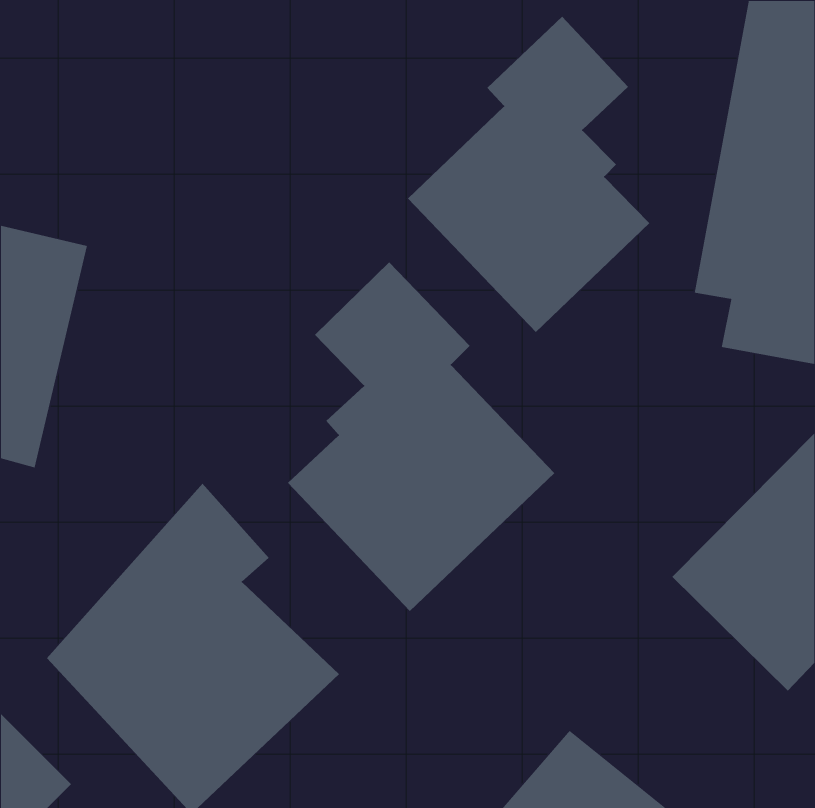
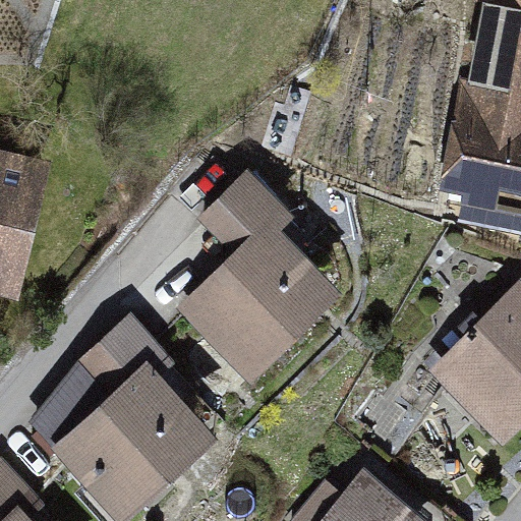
building: [407,16,650,333] -> none

